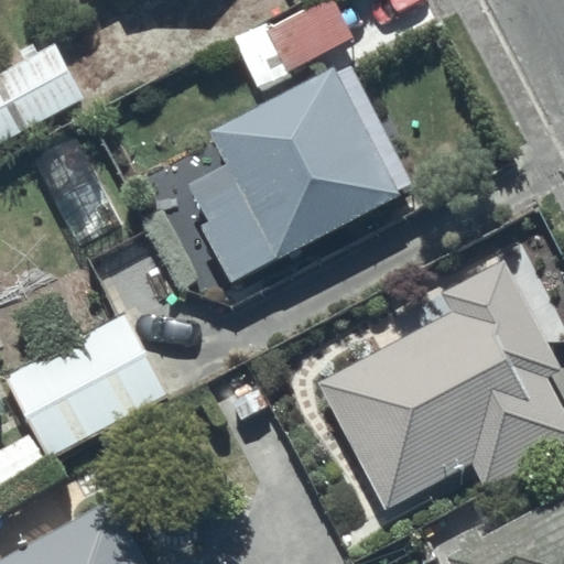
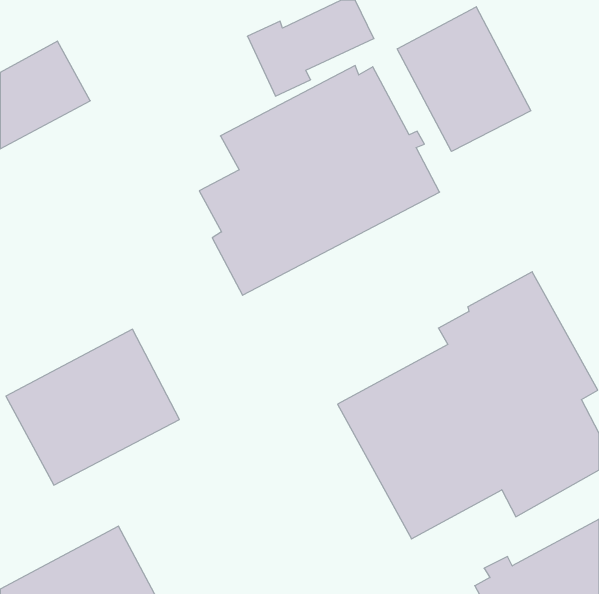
building: none -> [397,7,531,151]

